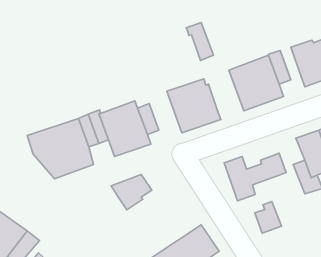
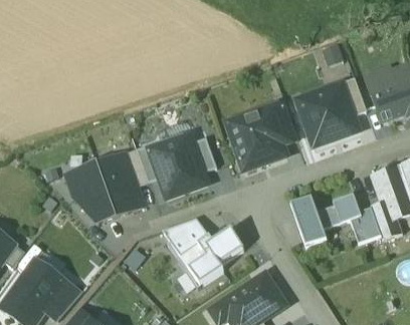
building: [186,22,214,60] -> [267,100,298,143]
building: none -> [167,229,244,287]
building: [255,201,282,233] -> [351,206,381,242]

